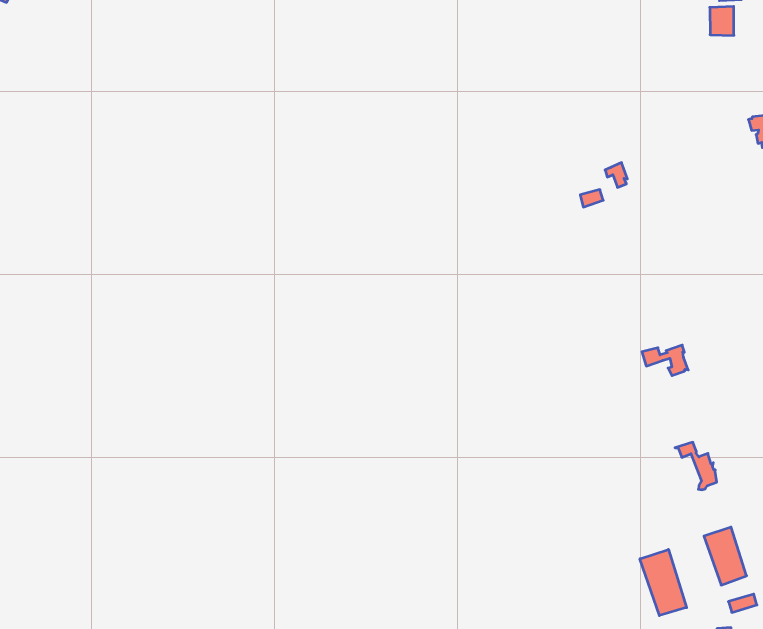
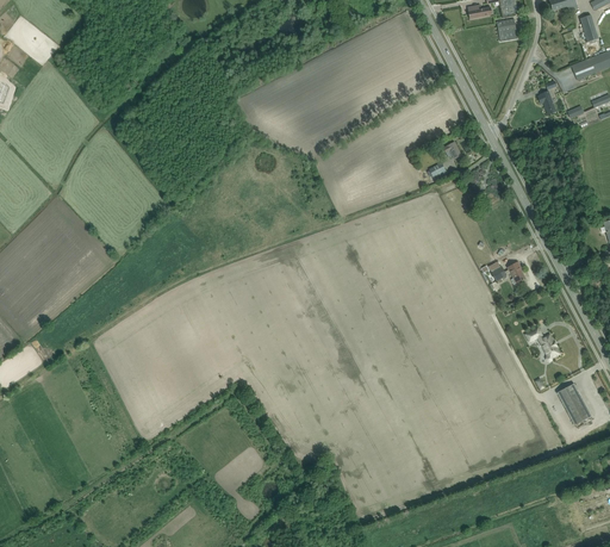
building: [640,549,687,616] -> none

